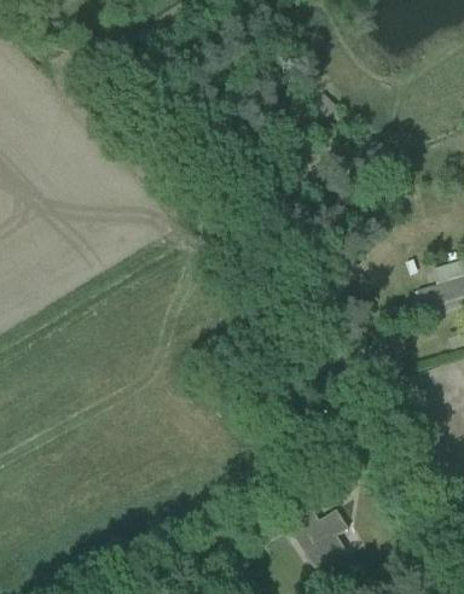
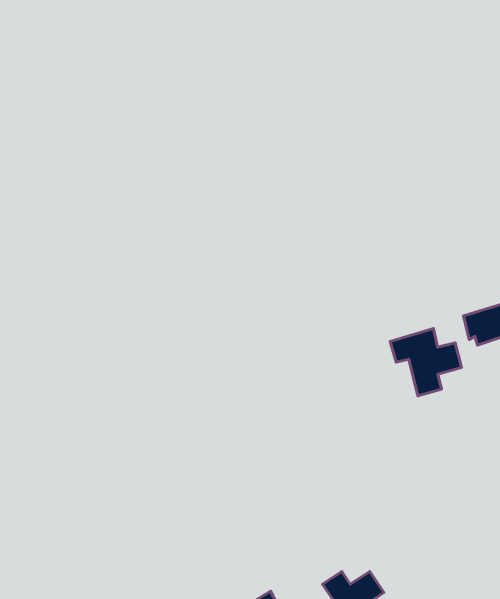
building: none -> [390,328,462,396]

